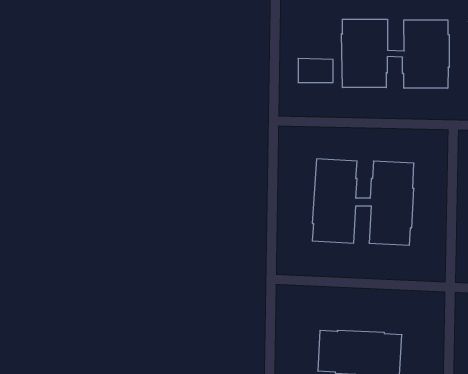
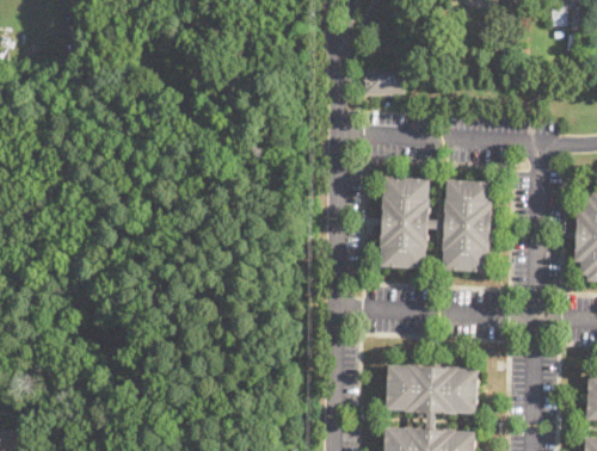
building: [341,19,449,88] -> none

